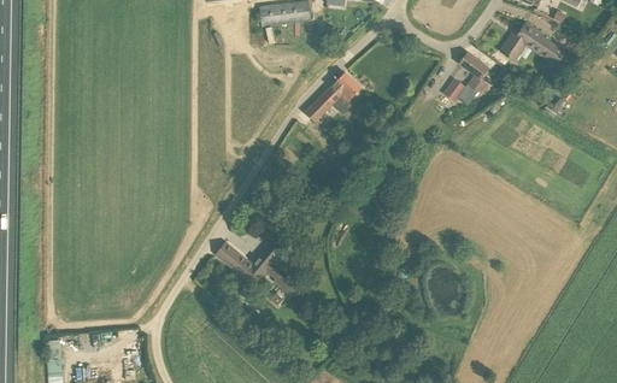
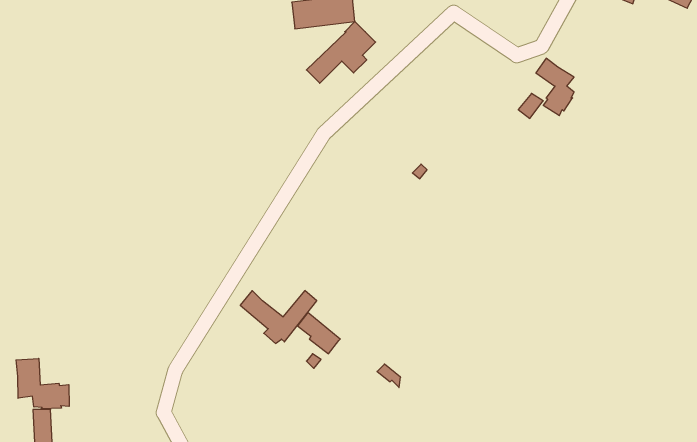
building: [500,22,564,65] -> none
building: [304,71,360,122] -> [306,21,376,83]
building: none -> [16,358,69,409]

